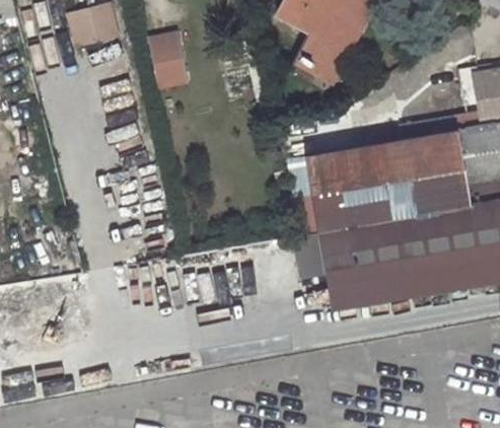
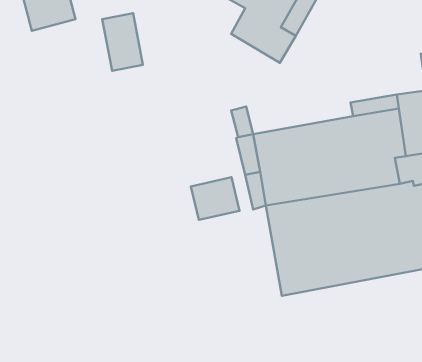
building: none -> [191,177,239,220]

